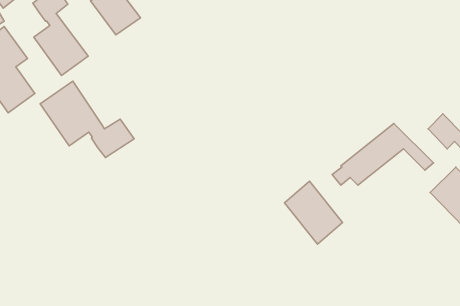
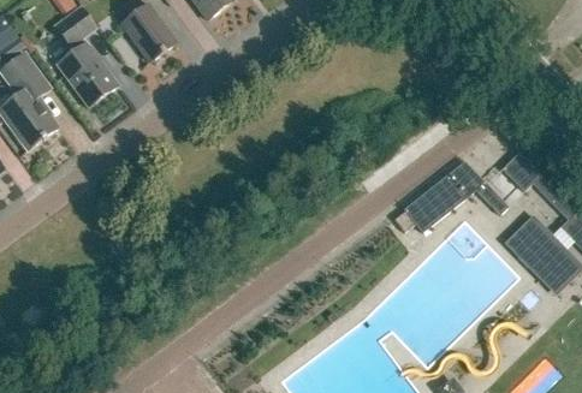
building: [40,81,134,158] -> none
building: [285,181,343,244] -> none

